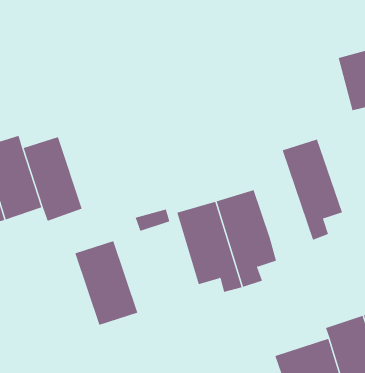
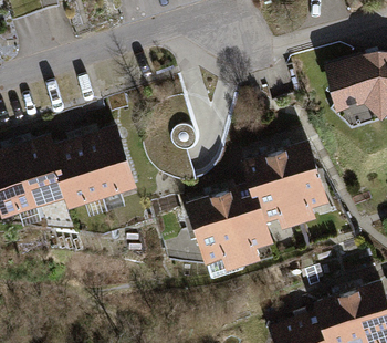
building: none -> [243,146,303,231]
building: [75,241,138,326] -> [82,123,137,197]

